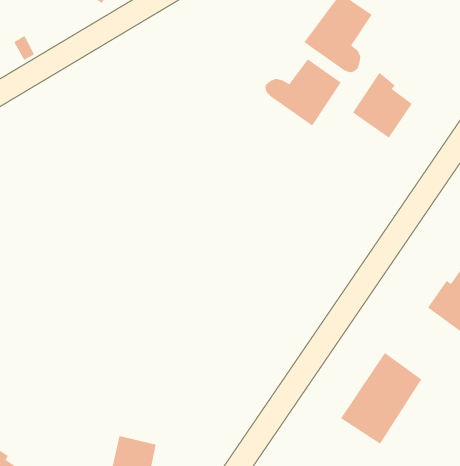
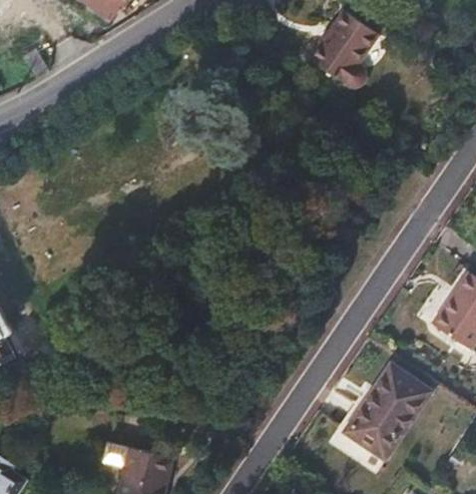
building: [265,58,341,126] -> none
building: [352,72,413,138] -> none

